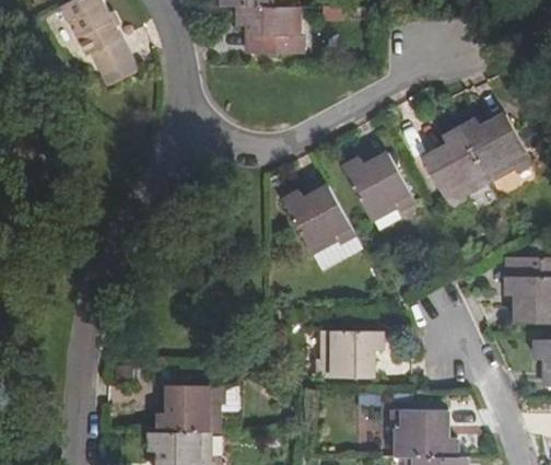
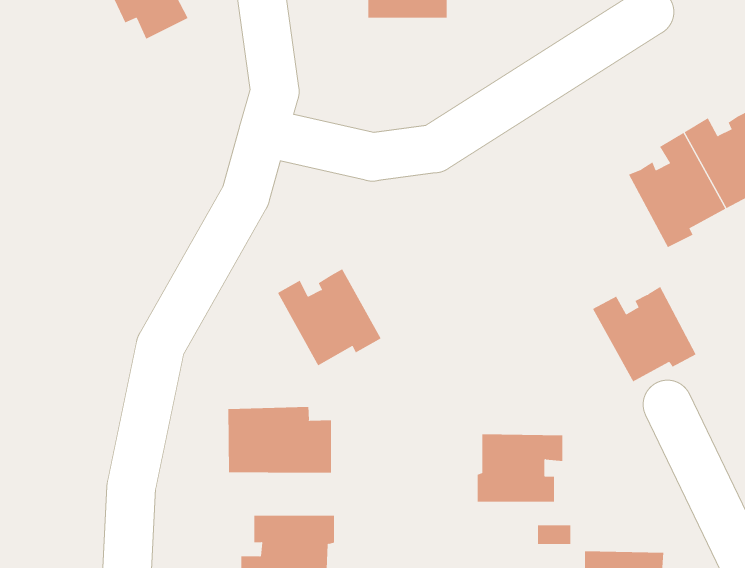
building: [343,152,413,217] -> [592,286,696,382]
building: [284,185,354,251] -> [277,268,382,366]
building: none -> [228,406,332,474]

